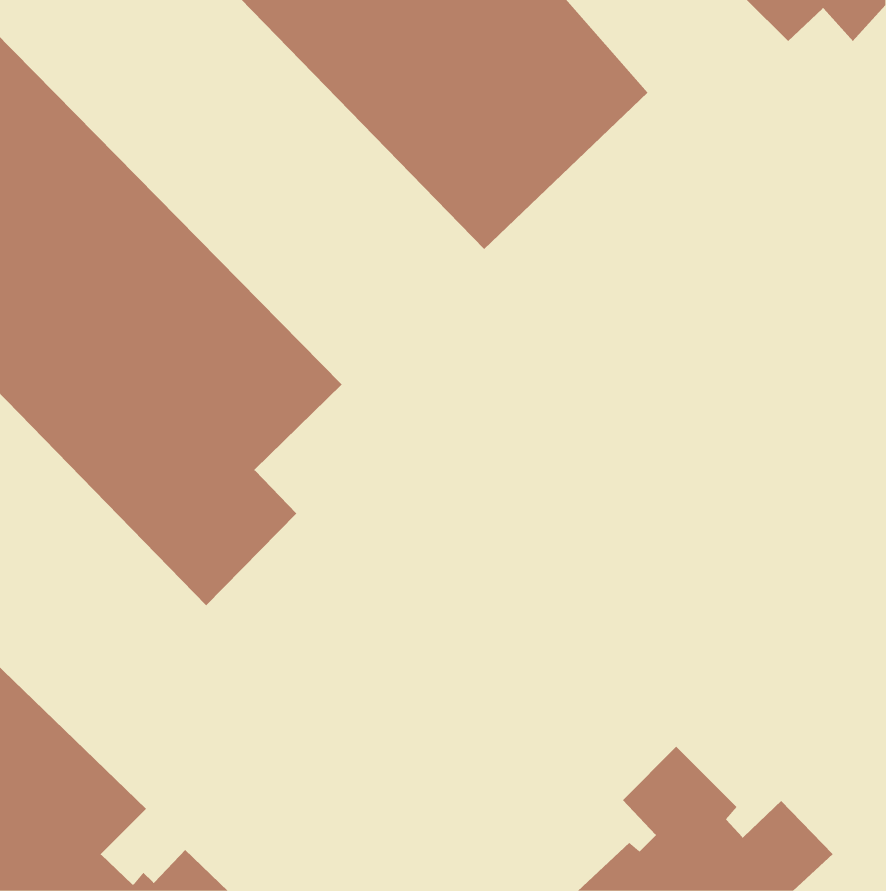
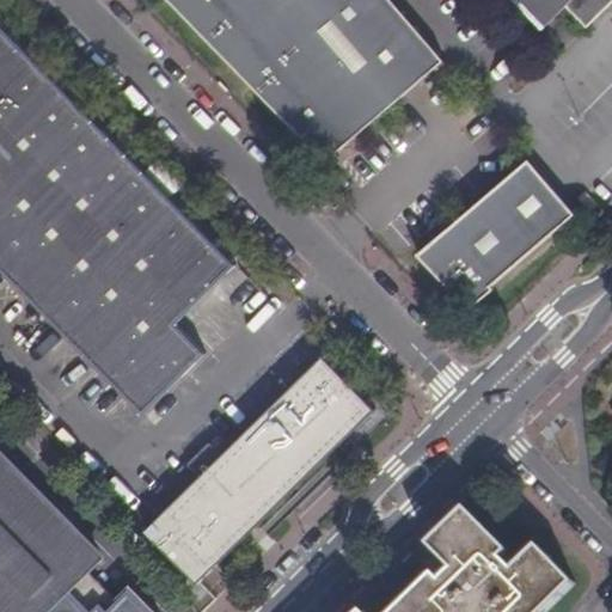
building: none -> [420,157,571,312]
building: none -> [142,354,373,582]

